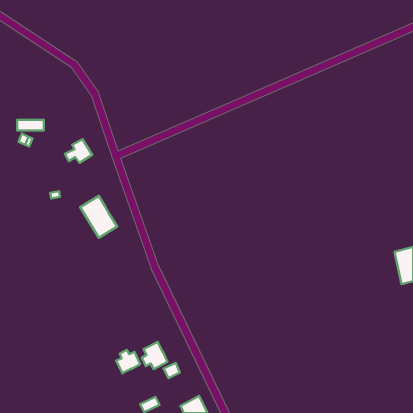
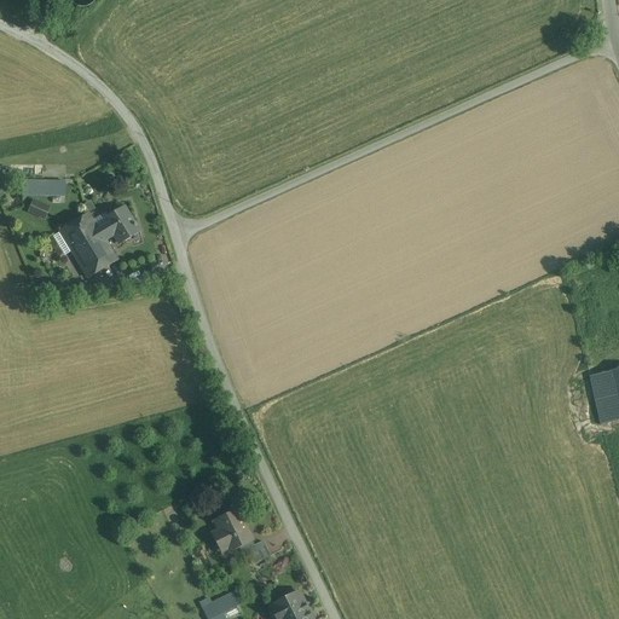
building: [80,196,117,238] -> [59,214,115,277]
building: [116,350,140,373] -> none

